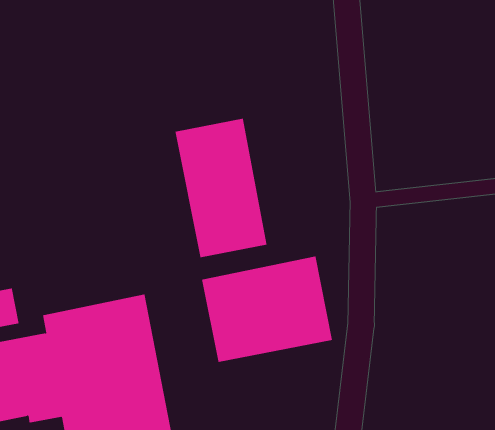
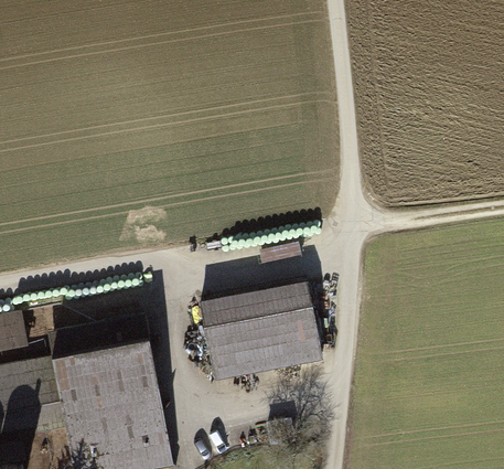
building: [175,118,267,258] -> none

